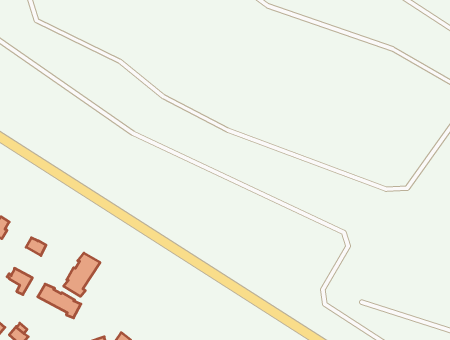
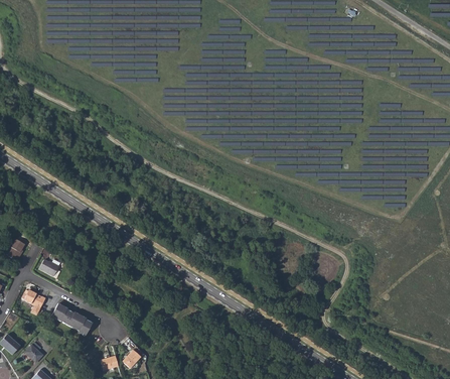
building: [64,253,100,296] -> none

